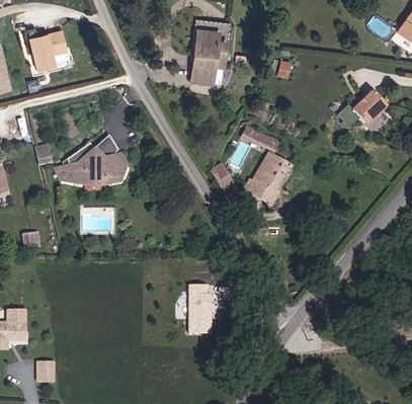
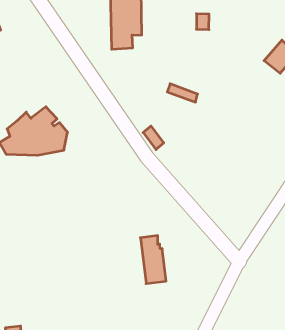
building: [250,156,286,195] -> none

